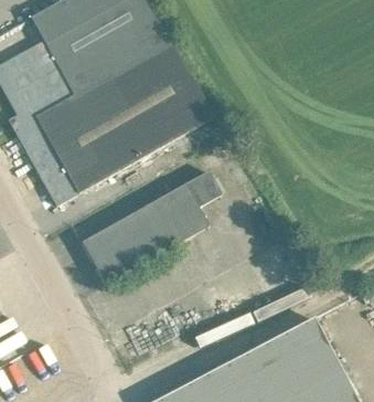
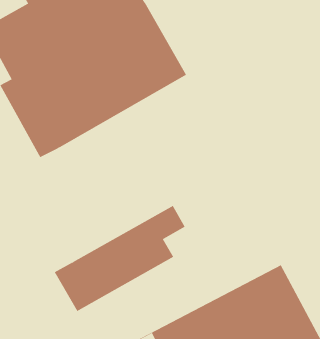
building: [81,170,221,284] -> [54,205,186,312]

